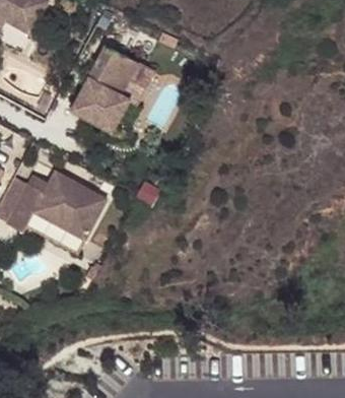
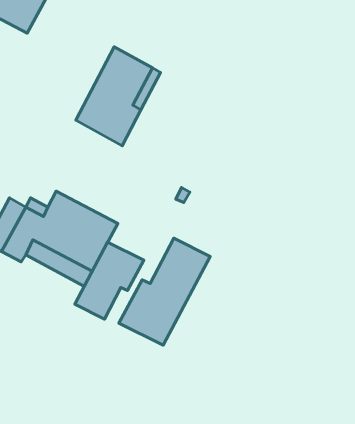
building: none -> [119,238,210,345]
building: none -> [75,242,144,319]

